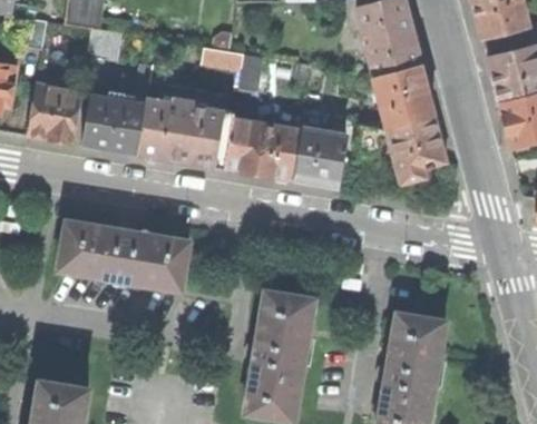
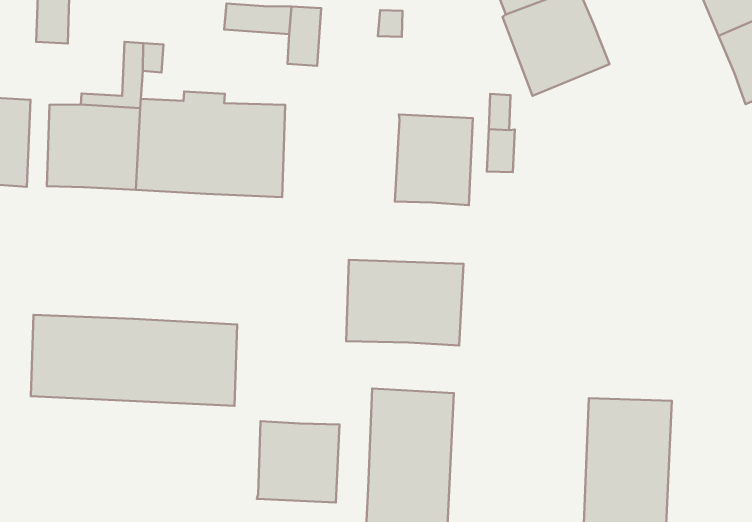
building: [384,112,446,183] -> none
building: [225,119,302,179] -> [346,260,464,345]
building: none -> [257,421,340,502]

